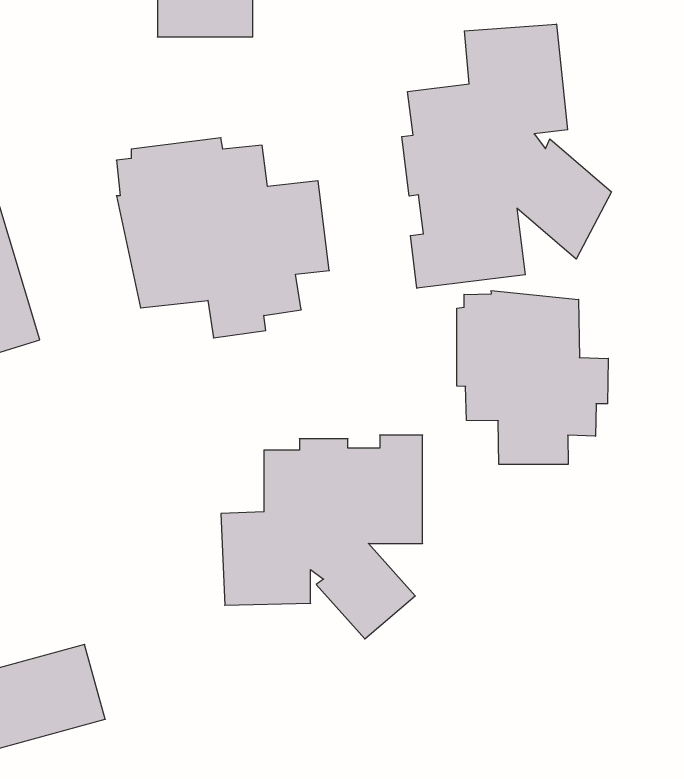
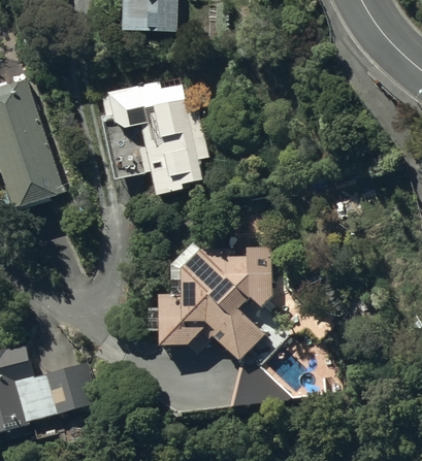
building: [402,24,611,288] -> none
building: [457,291,608,464] -> none

